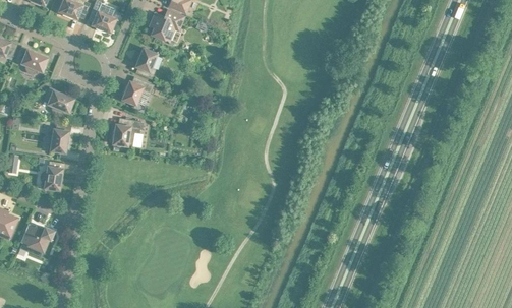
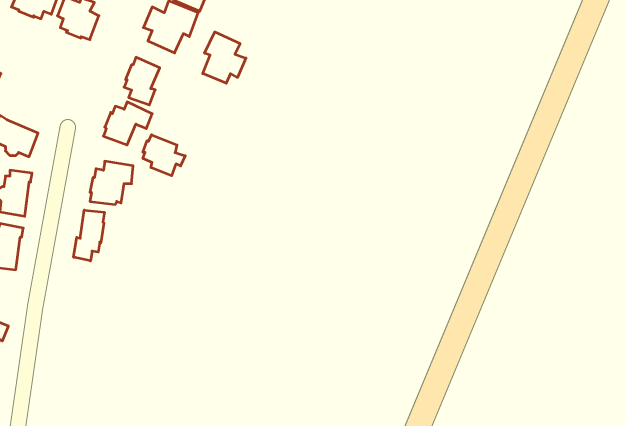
building: none -> [203,32,246,83]
building: none -> [143,135,185,176]
building: none -> [74,210,104,261]

